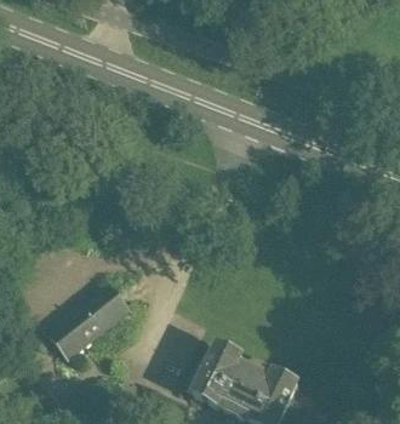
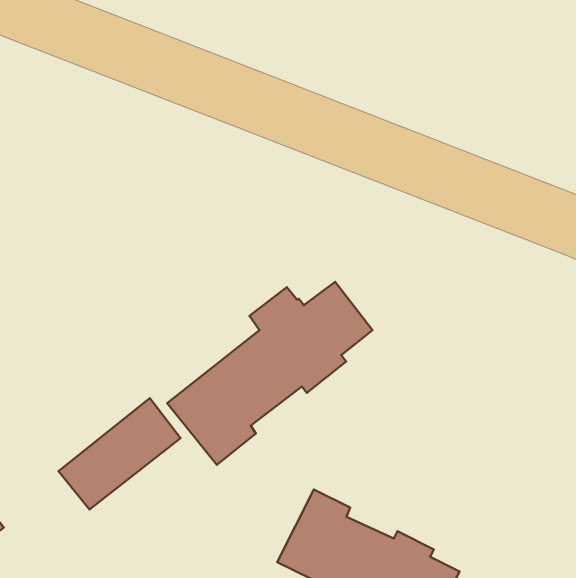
building: none -> [167,282,373,465]

